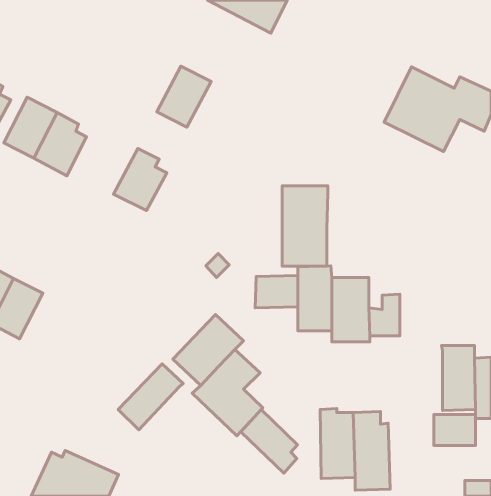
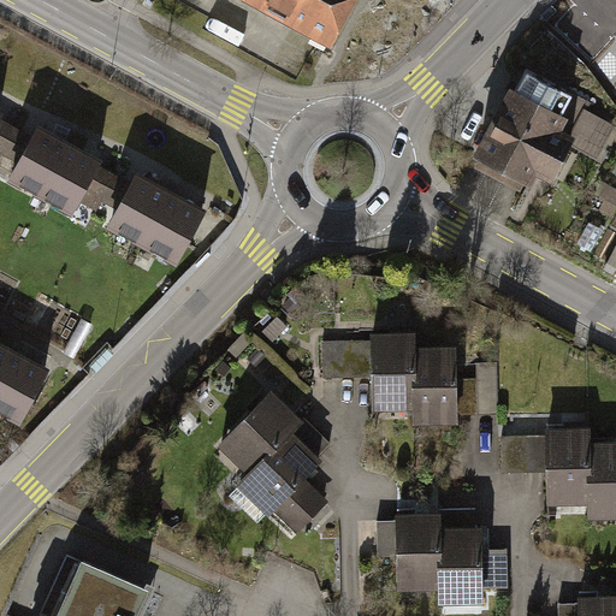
building: [157,66,211,127] -> [103,165,171,241]
building: [282,186,328,266] -> none
building: [118,364,183,430] -> none
building: [241,410,297,473] -> none
building: [434,415,475,446] -> [497,434,549,473]

